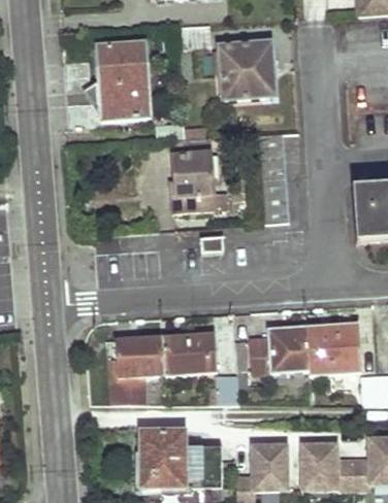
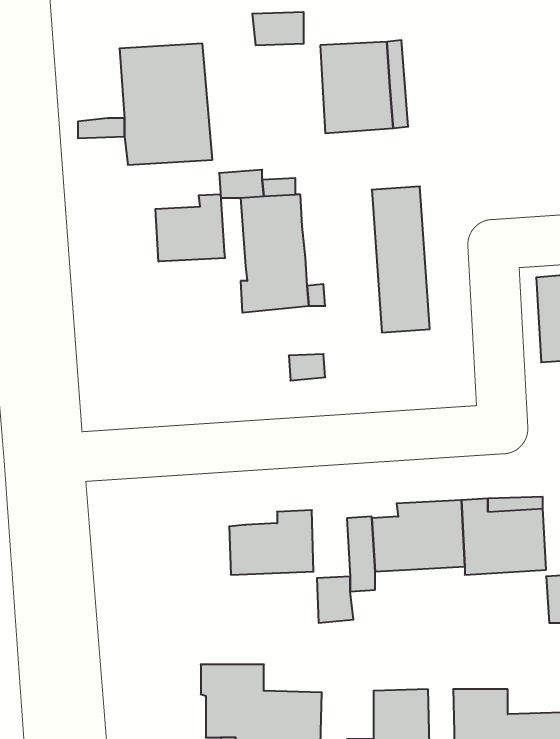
building: none -> [155,194,225,262]
building: [109,336,163,403] -> none

